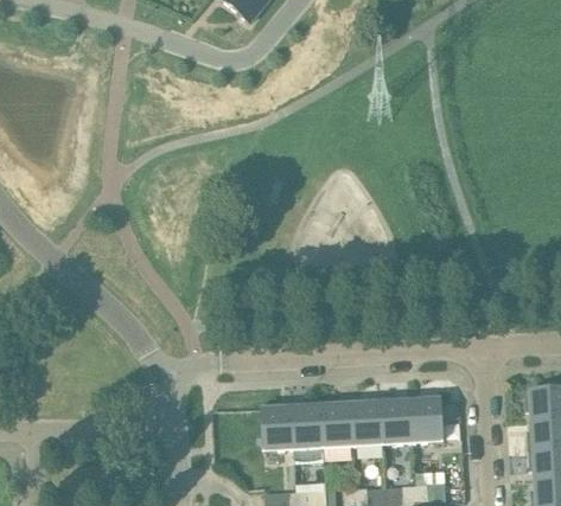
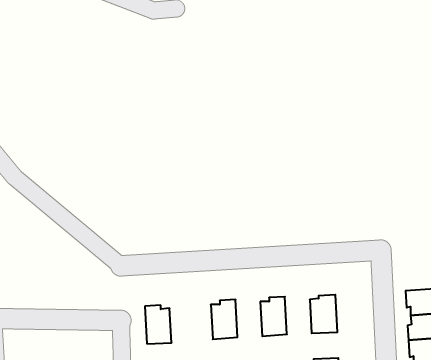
building: [381,397,413,443] -> none
building: [321,401,353,447] -> none
building: [262,404,294,450] -> [145,305,172,344]

